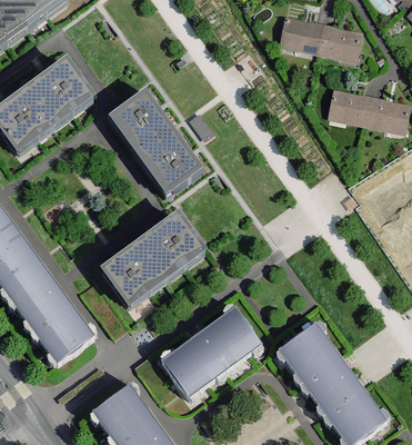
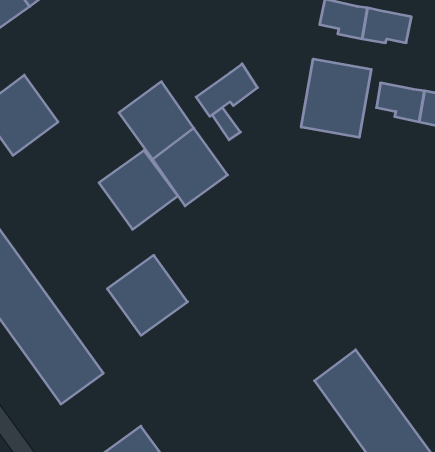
building: [28,55,97,125] -> none
building: none -> [301,59,371,137]
building: none -> [196,64,258,116]
building: [139,211,207,279] -> [99,150,178,229]
building: [161,306,264,395] -> none

